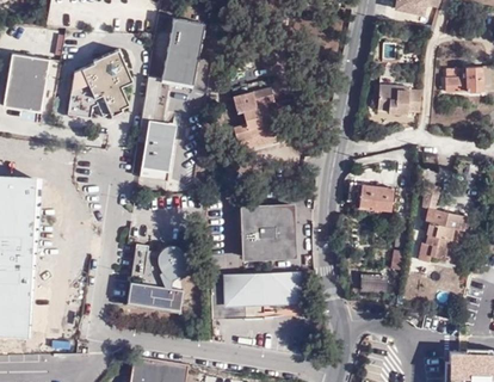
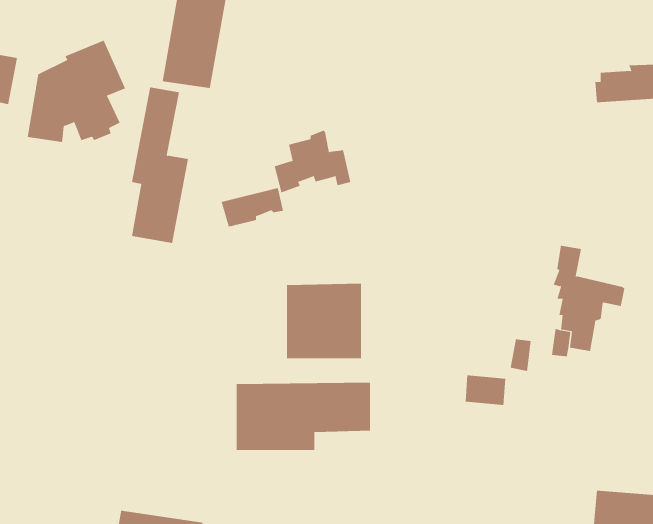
building: [378,85,422,113] -> none
building: [234,93,276,119] -> [221,188,284,227]
building: [348,181,394,210] -> none
building: [124,244,191,312] -> none

